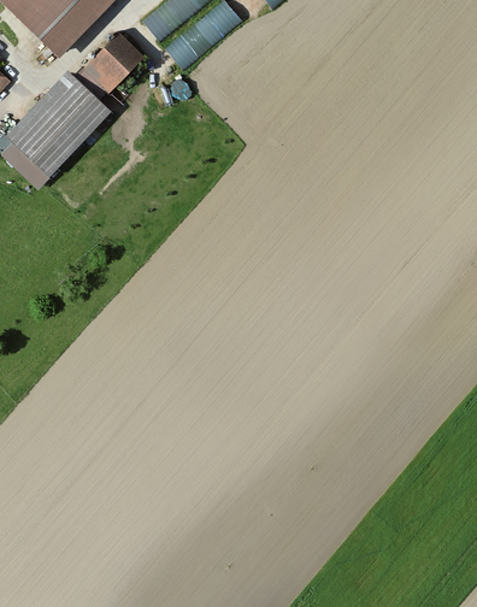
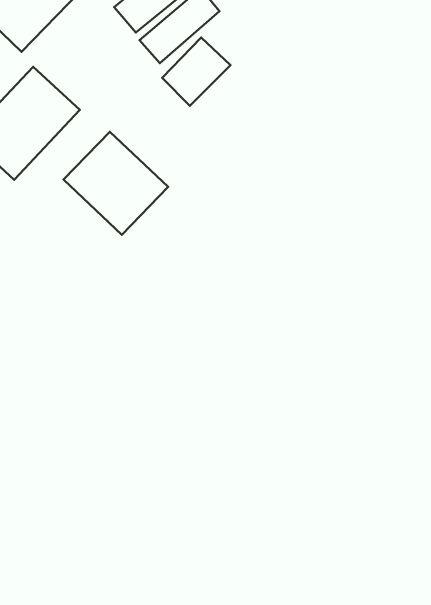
building: [80,31,145,96] -> [162,37,230,106]
building: none -> [64,132,168,235]

